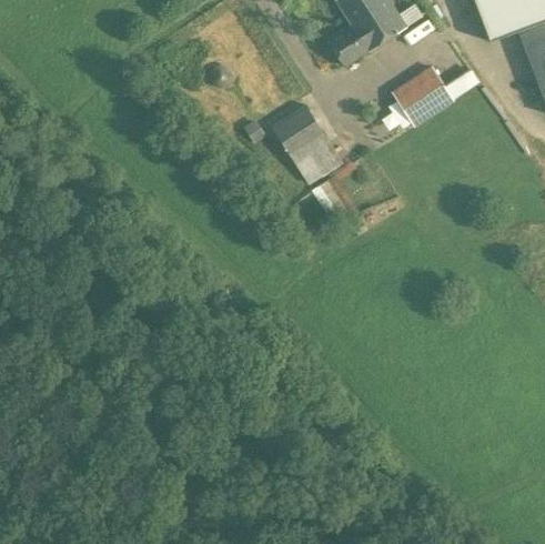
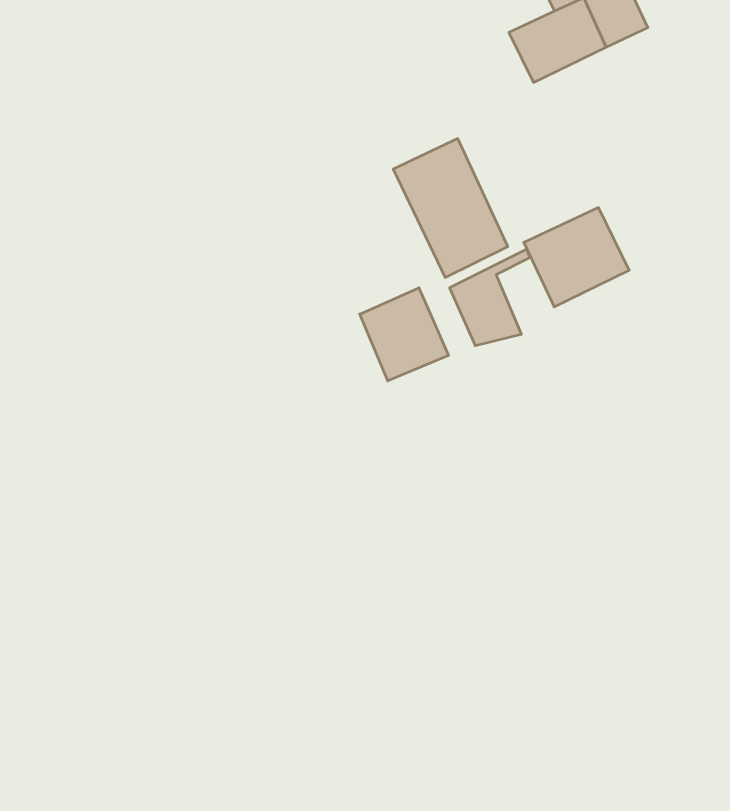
building: [391,66,453,125] -> [524,208,629,307]
building: none -> [360,288,449,381]

